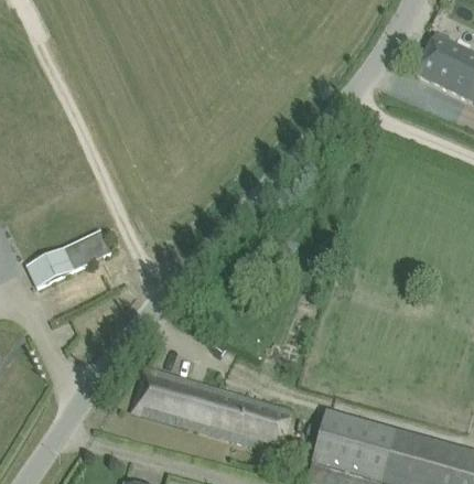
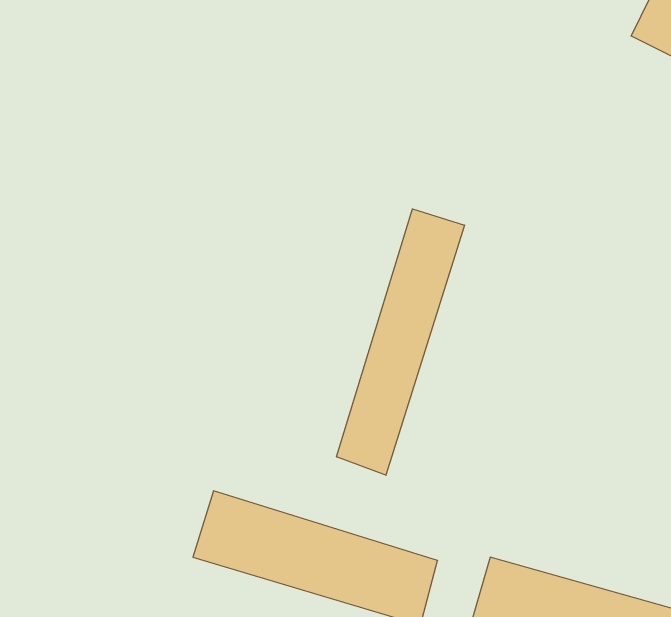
building: none -> [337,209,465,475]
building: [28,229,111,287] -> none

